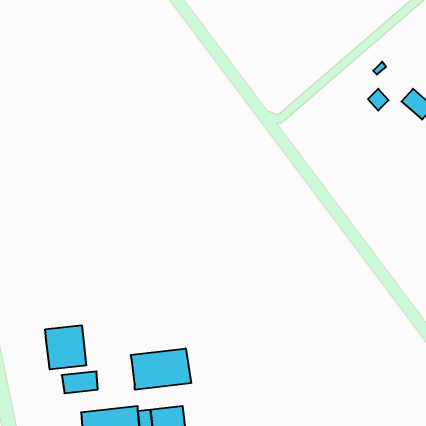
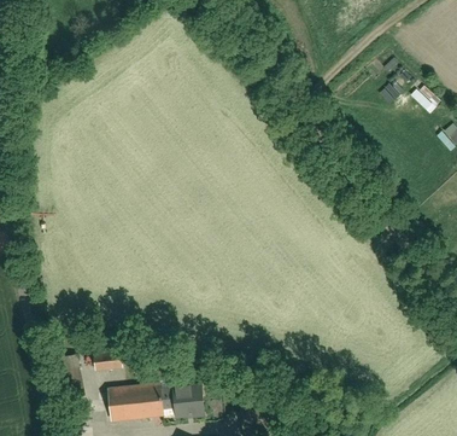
building: [45,325,86,369] -> none
building: [131,348,191,390] -> none

